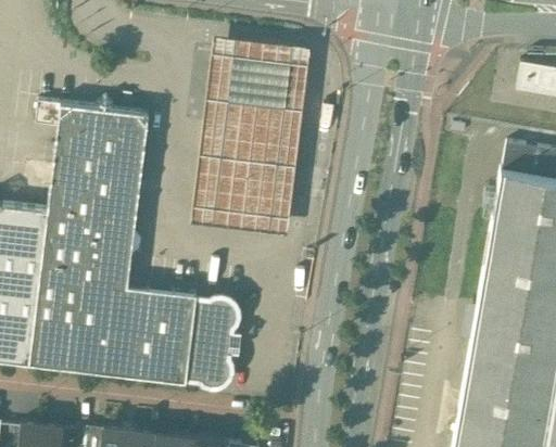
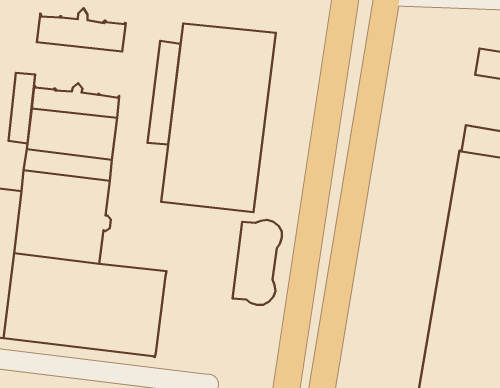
building: none -> [37,8,126,52]
building: none -> [148,41,181,145]
building: none -> [9,73,35,143]
building: [187,298,238,386] -> [233,220,282,305]

